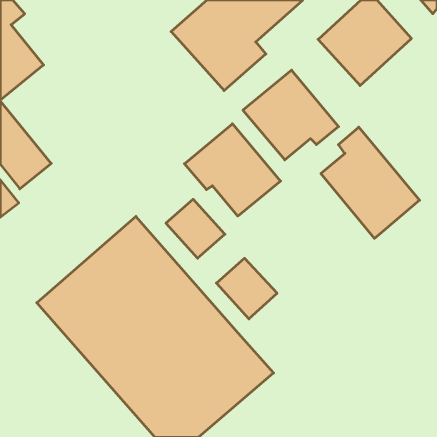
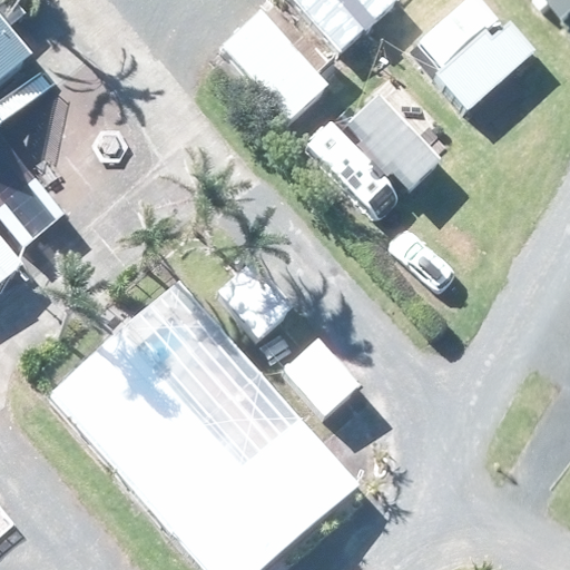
building: [184,124,281,216] -> none
building: [321,127,420,238] -> none

